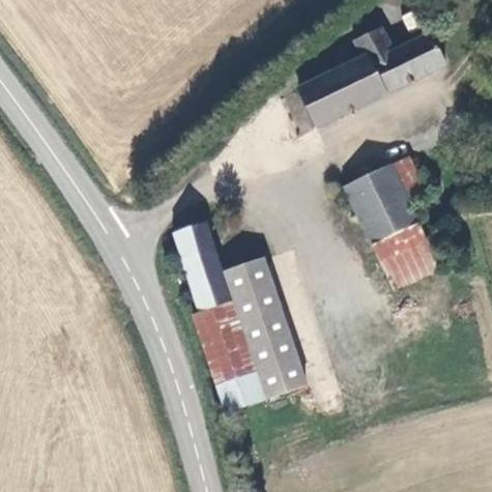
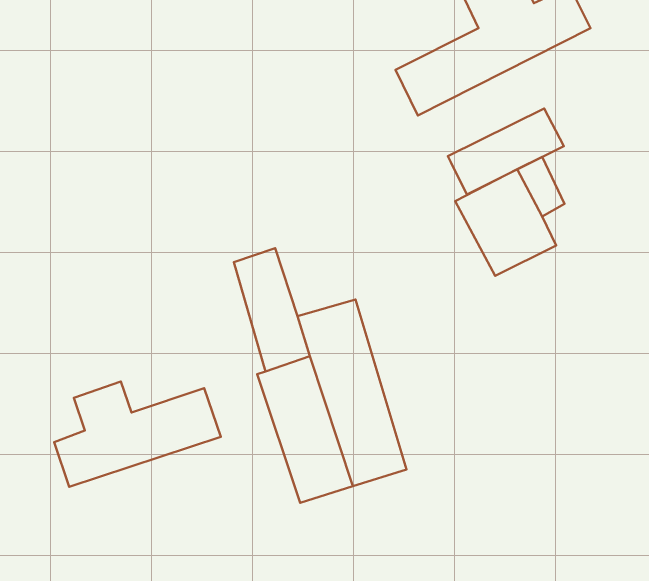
building: none -> [448,108,564,195]
building: [372,222,439,287] -> none
building: none -> [54,382,221,487]

